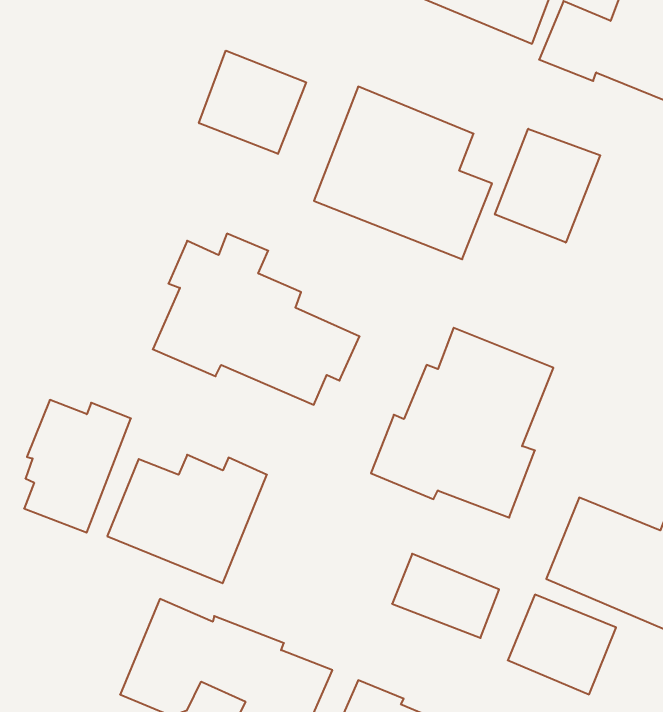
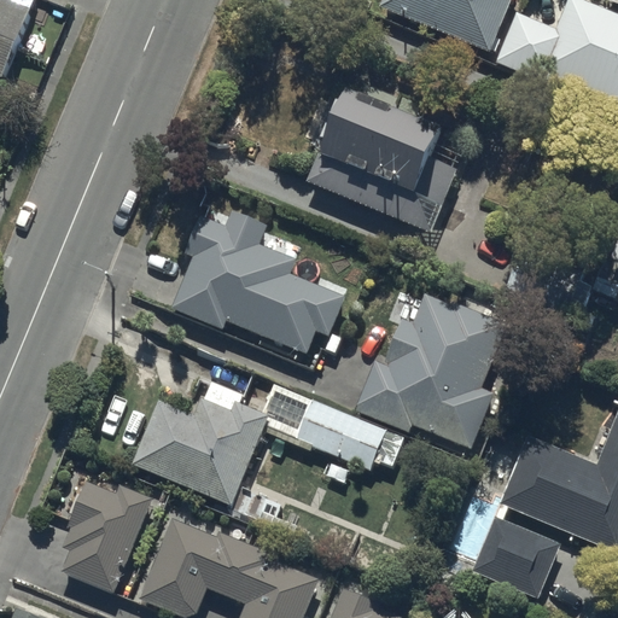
building: [199,51,306,154] -> none
building: [495,129,600,243] -> none
building: [24,400,131,533] -> [62,480,152,593]
building: [392,554,499,638] -> [295,400,385,471]

